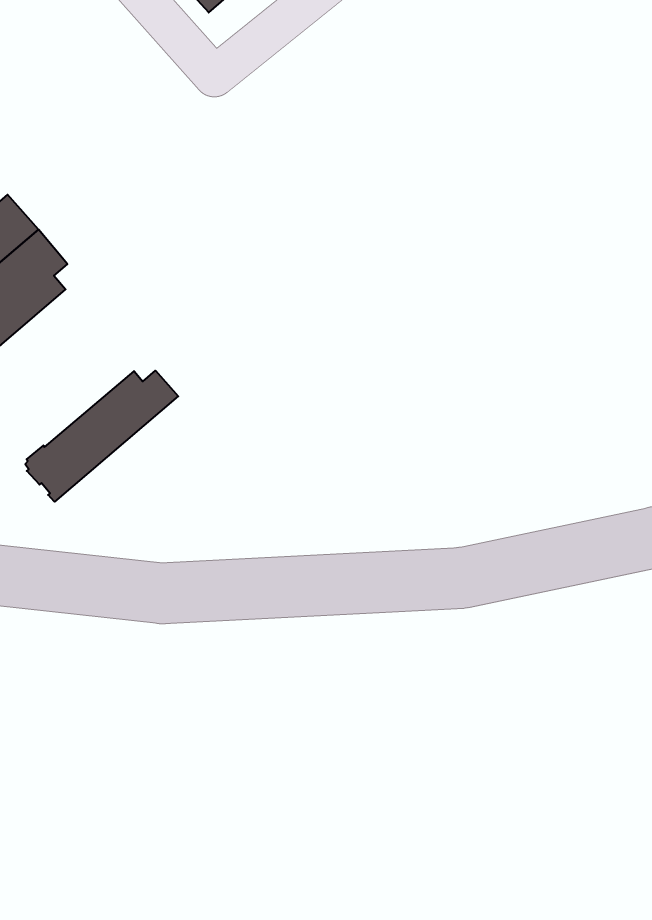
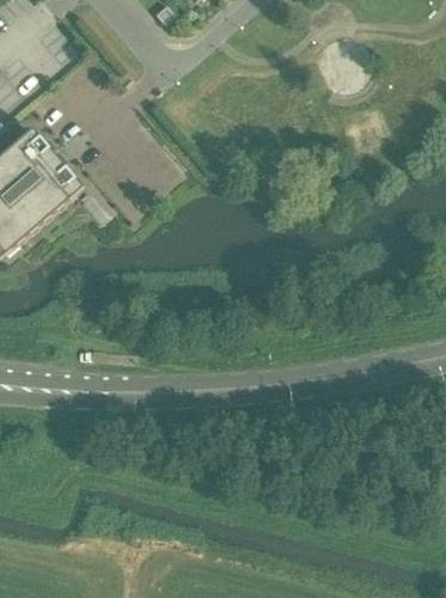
building: [25,371,178,502] -> none

